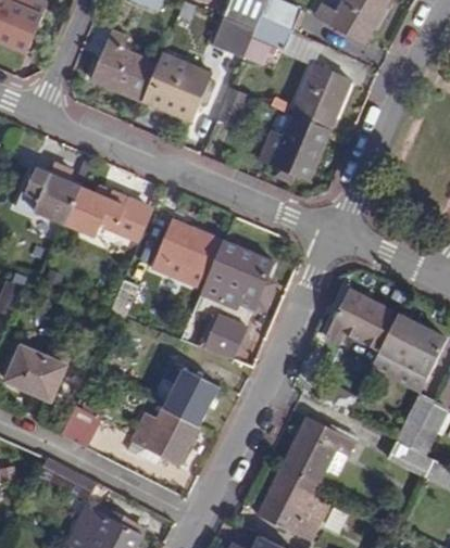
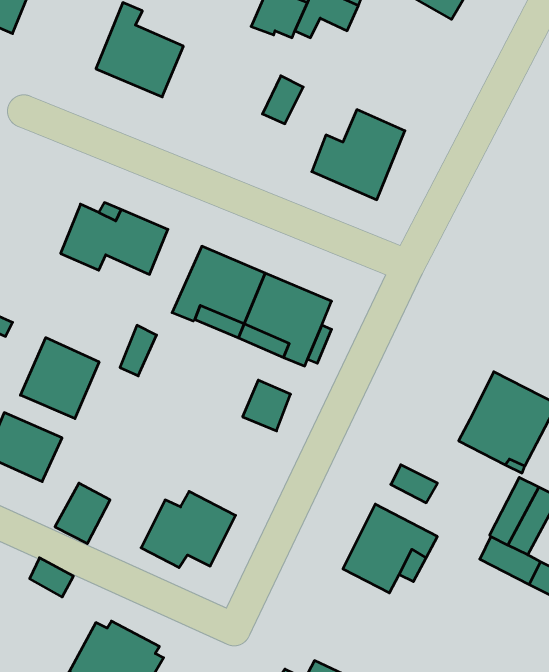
building: [142,52,213,125] -> none
building: [292,65,350,129] -> none
building: [25,161,79,224] -> none
building: none -> [20,338,99,419]
building: [323,290,398,352] -> none
building: [163,364,218,425] -> none
building: [257,467,327,540] -> none

